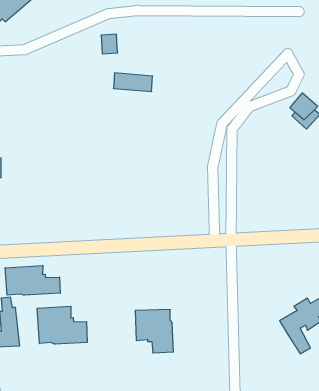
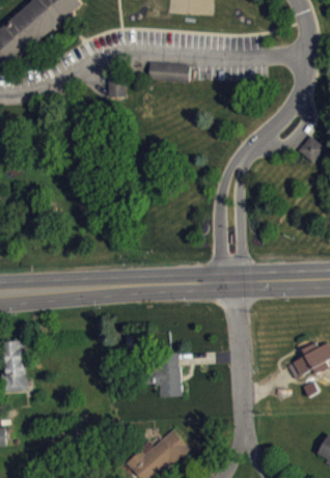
building: [113,73,153,92] -> [147,61,187,80]
building: [5,265,60,295] -> none
building: [37,306,87,344] -> none

